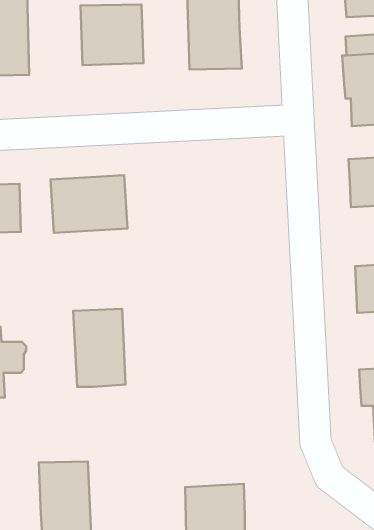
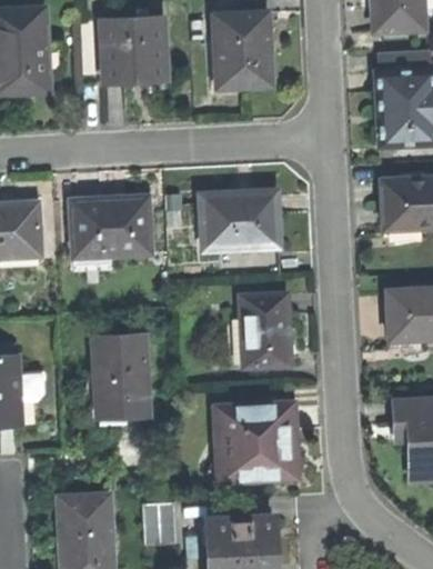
building: none -> [201,191,279,250]
building: none -> [240,292,292,367]
building: none -> [218,405,298,480]
building: none -> [144,502,179,547]

